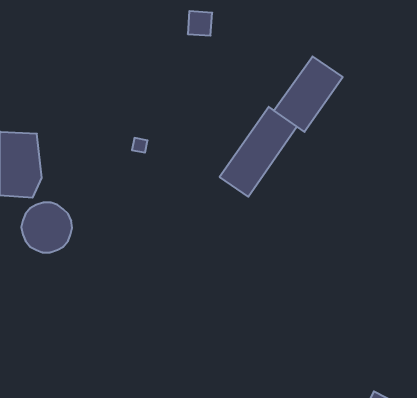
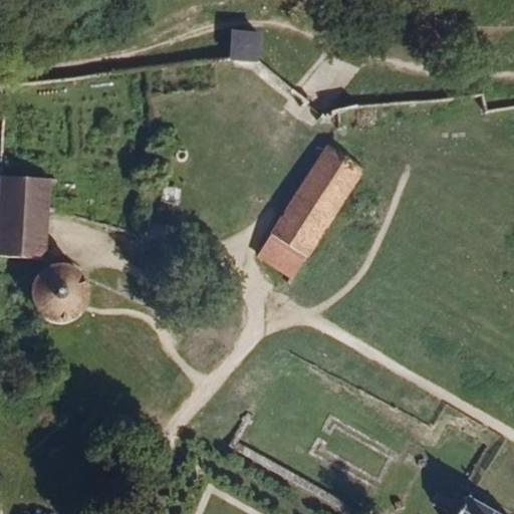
building: [274,56,343,132] -> none
building: none -> [255,233,304,277]

